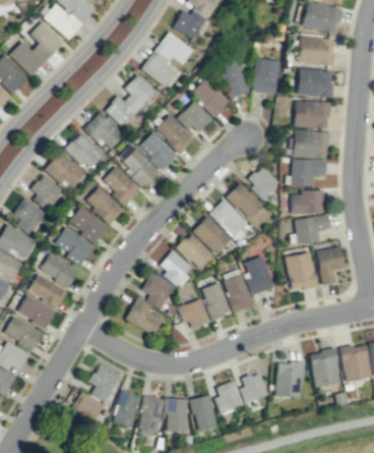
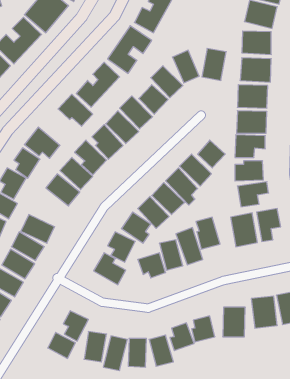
building: [65,132,105,171] -> none
building: [56,227,95,266] -> none

